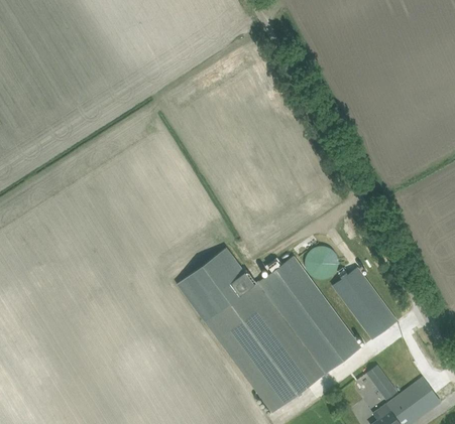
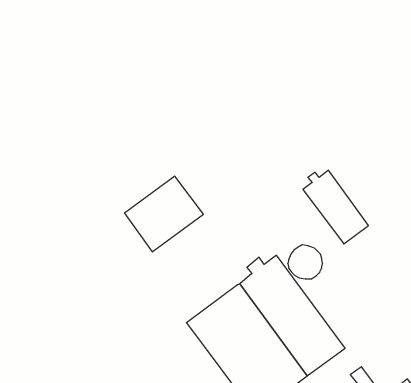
building: [178,248,255,322] -> [125,176,203,252]
building: [332,268,396,340] -> [303,170,368,244]

